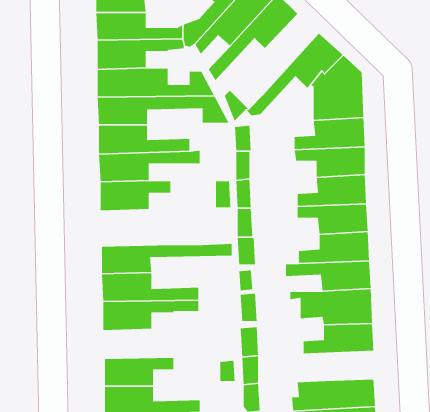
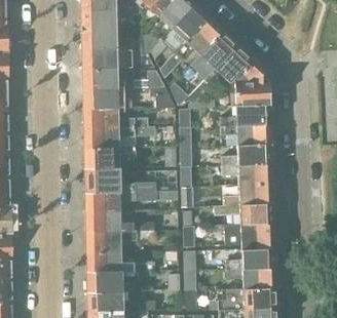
building: none -> [192,30,237,86]
building: none -> [83,171,155,193]
building: none -> [85,251,153,272]
building: none -> [226,267,276,287]

